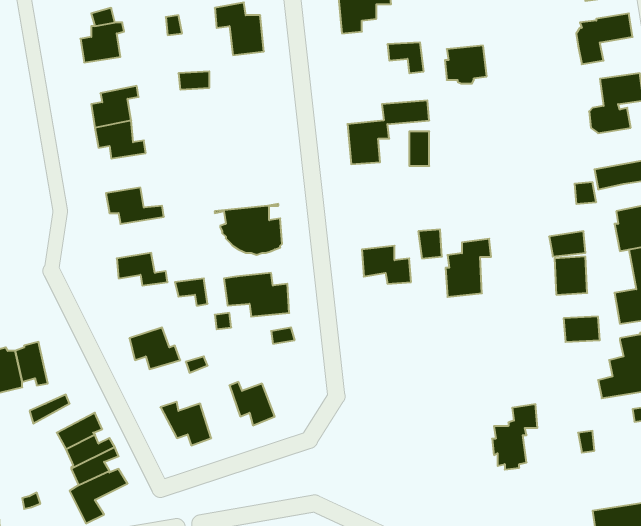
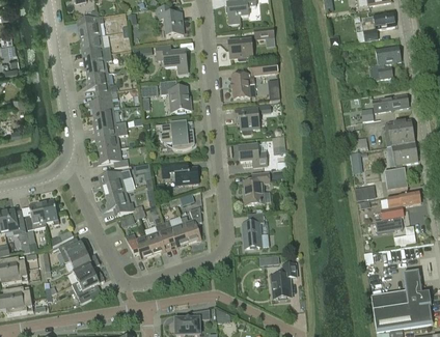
building: [445,46,487,84] -> [228,38,252,60]
building: none -> [80,36,110,57]
building: none -> [154,44,187,73]
building: none -> [159,80,190,111]
building: none -> [90,91,116,114]
building: none -> [235,107,258,134]
building: none -> [97,128,127,151]
building: [446,239,491,297] -> [243,172,269,205]
building: none -> [102,168,130,197]
building: none -> [181,206,201,242]
building: none -> [241,212,263,248]
building: none -> [146,224,169,254]
building: [492,404,537,470] -> [270,262,296,300]

